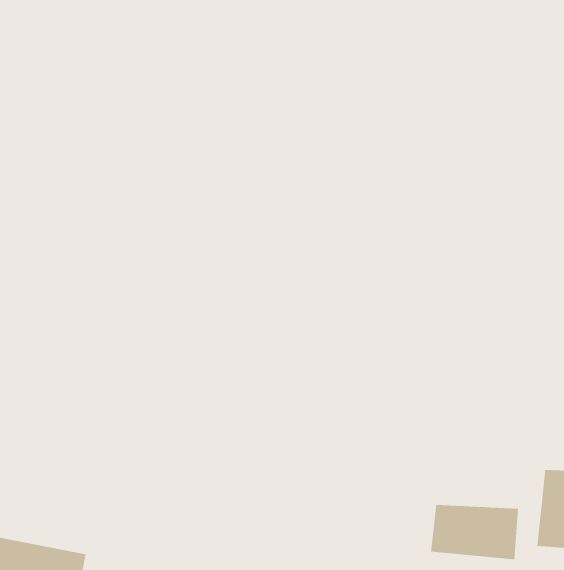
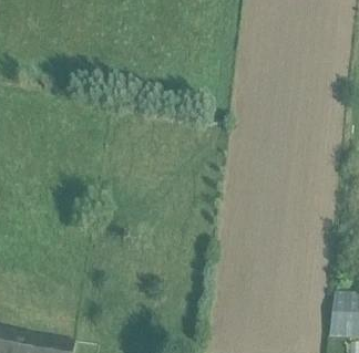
building: [431,504,519,560] -> none

